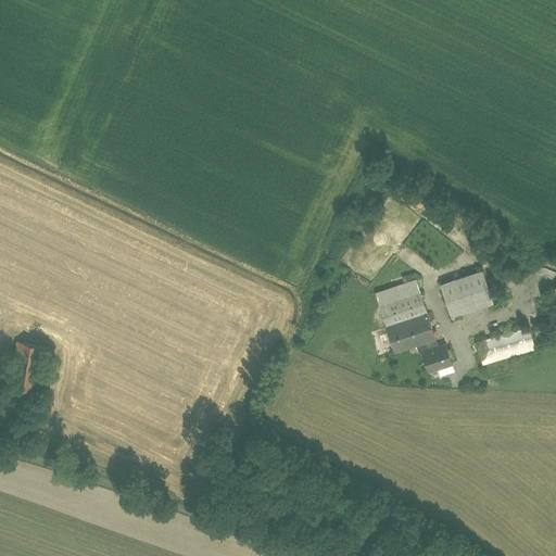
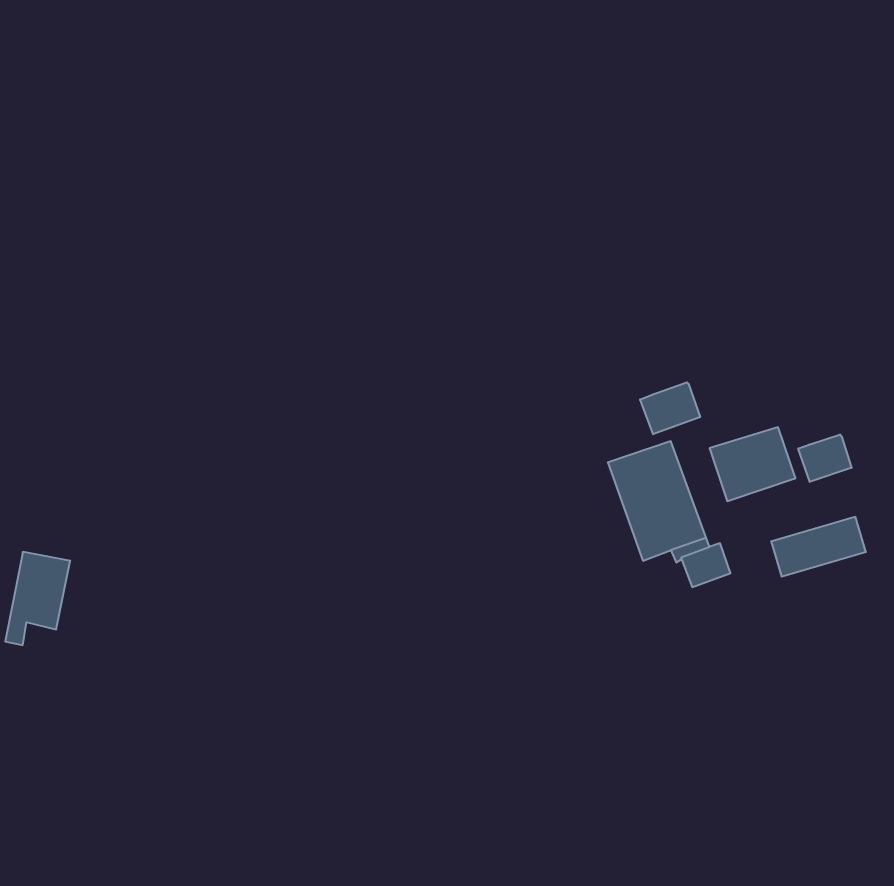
building: none -> [640,382,700,434]
building: none -> [798,434,852,482]

